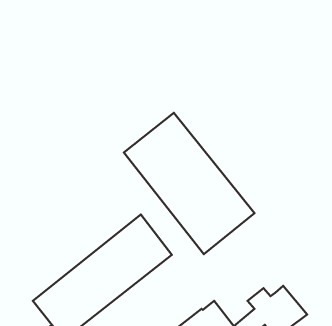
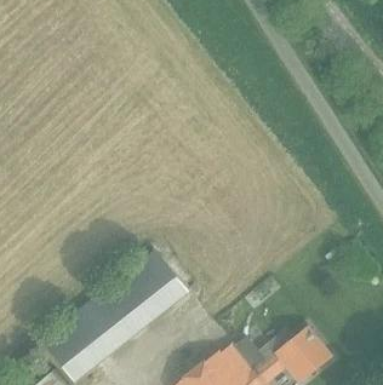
building: [124,113,255,254] -> none

